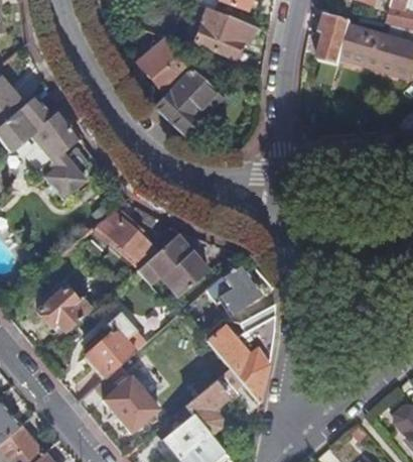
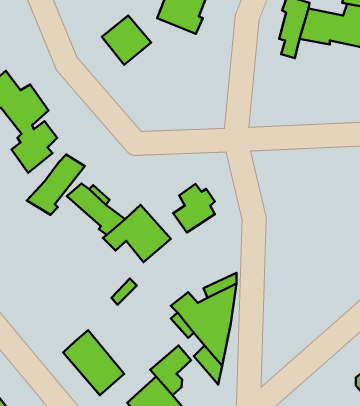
building: [153,69,219,135] -> none
building: none -> [27,155,85,215]
building: [218,265,261,316] -> [173,184,215,233]
building: [38,287,88,333] -> none
building: [86,311,147,377] -> none

